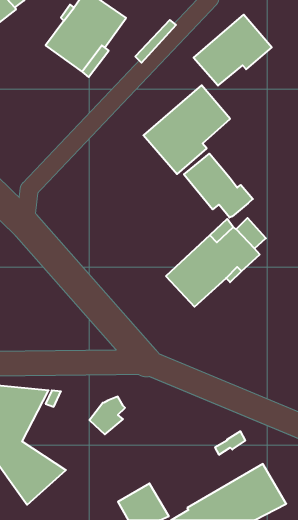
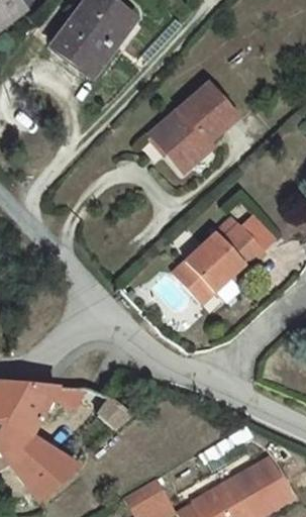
building: [194,15,272,86] -> none
building: [184,154,253,218] -> none

